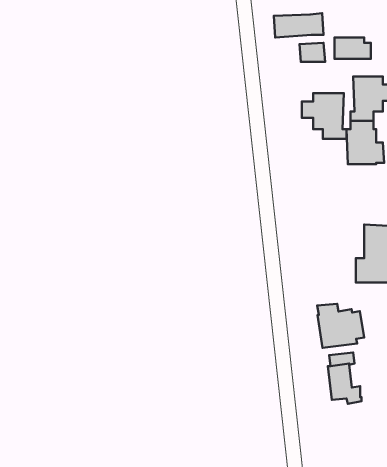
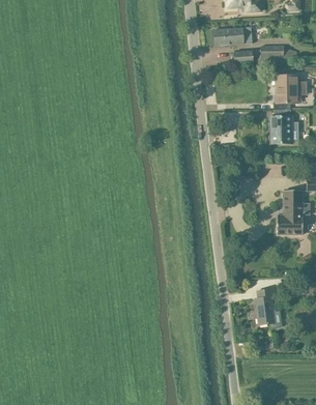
building: [302,93,347,139] -> none
building: [317,304,364,348] -> none

